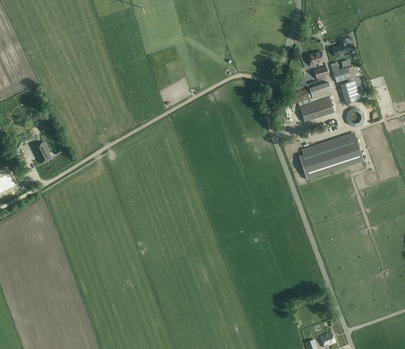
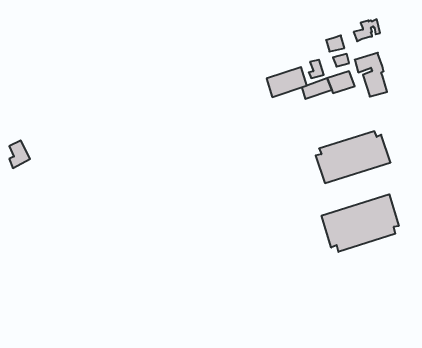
building: [299,95,334,121] -> [267,67,307,97]
building: none -> [322,194,399,252]

